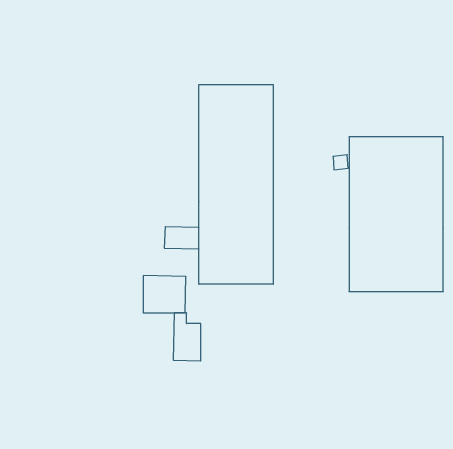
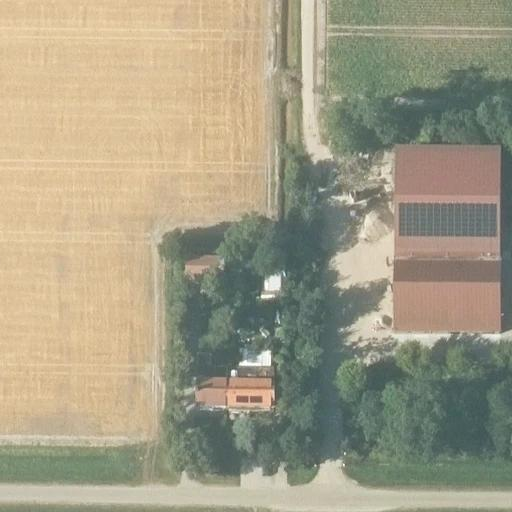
building: [199,85,273,284] -> none
building: [143,276,186,313] -> [227,364,275,406]

